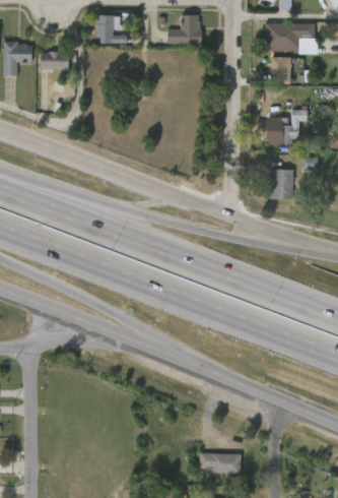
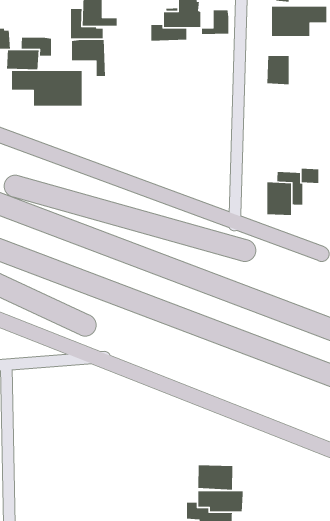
building: none -> [201,10,229,35]
building: none -> [71,39,106,77]
building: none -> [11,70,83,107]
building: [269,108,310,142] -> none
building: none -> [198,465,233,490]

